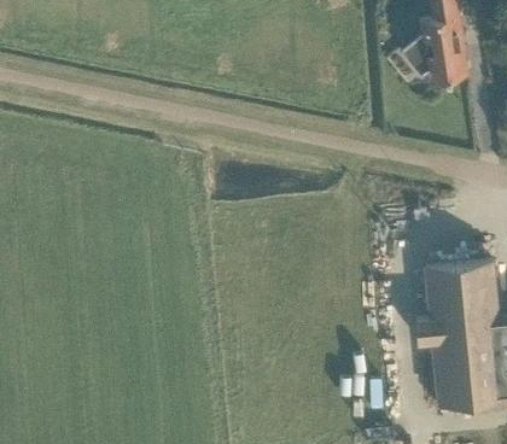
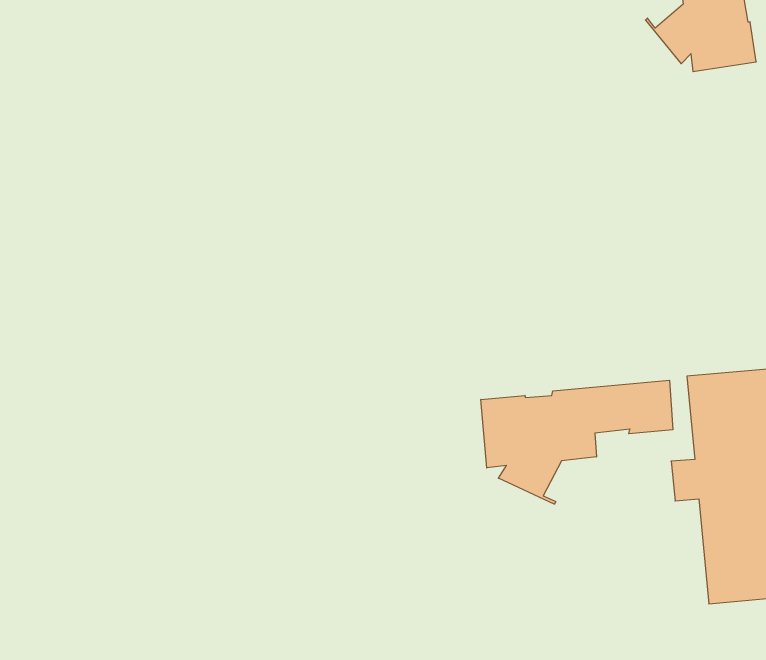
building: none -> [481,380,673,504]

